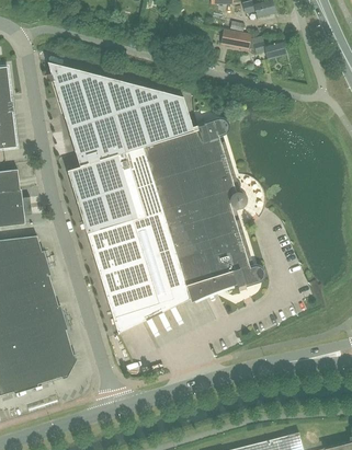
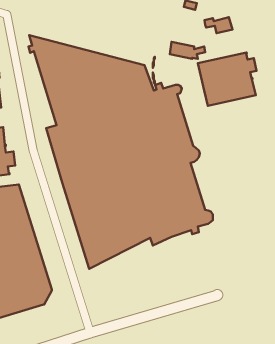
building: [222,30,263,49] -> [170,42,205,59]
building: none -> [198,52,257,106]

